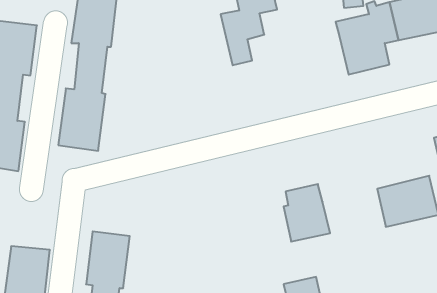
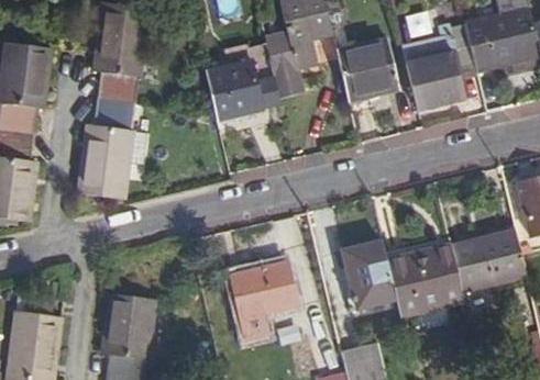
building: none -> [338,40,399,100]
building: none -> [208,63,264,119]
building: none -> [387,244,465,315]
building: none -> [231,260,299,339]

